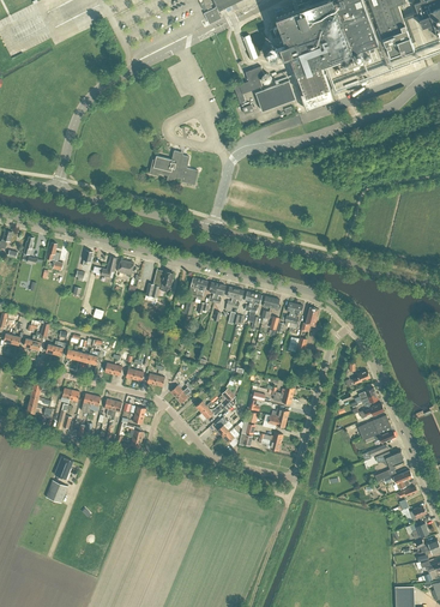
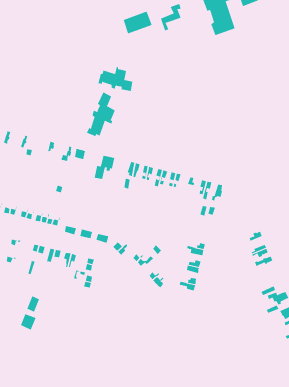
building: [254,80,294,112] -> [123,11,152,34]
building: none -> [86,91,116,137]
building: [357,416,394,443] -> none

